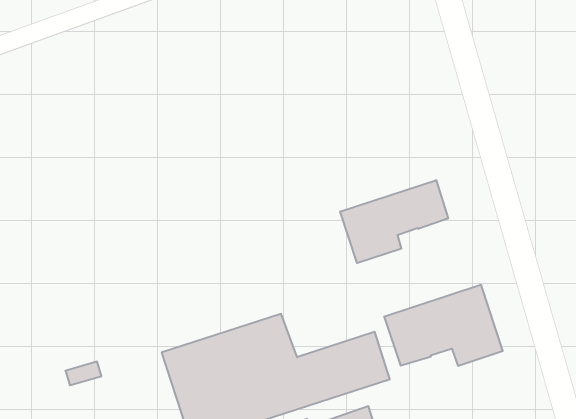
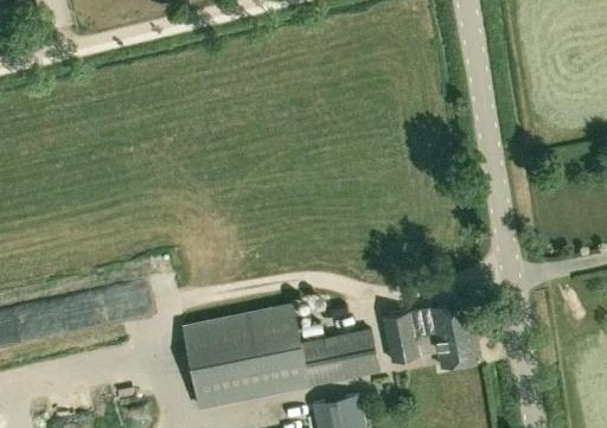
building: [340,180,448,263] -> none

